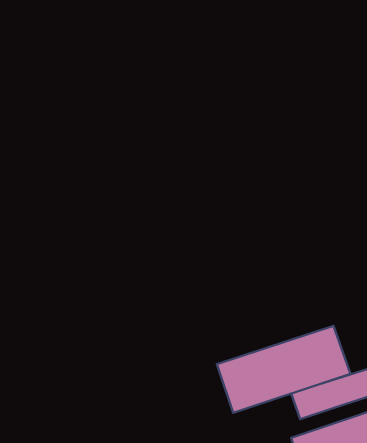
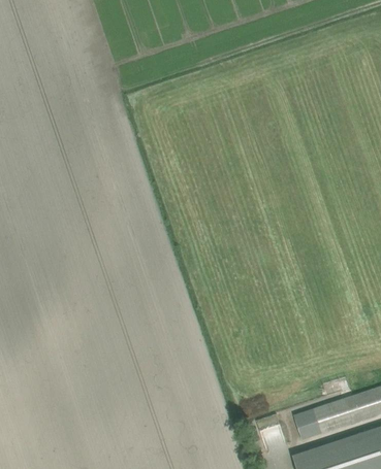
building: [217,326,351,413] -> none

